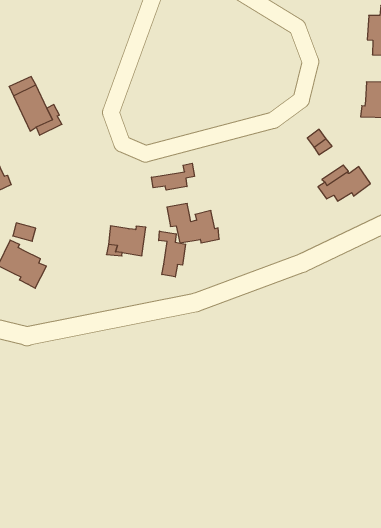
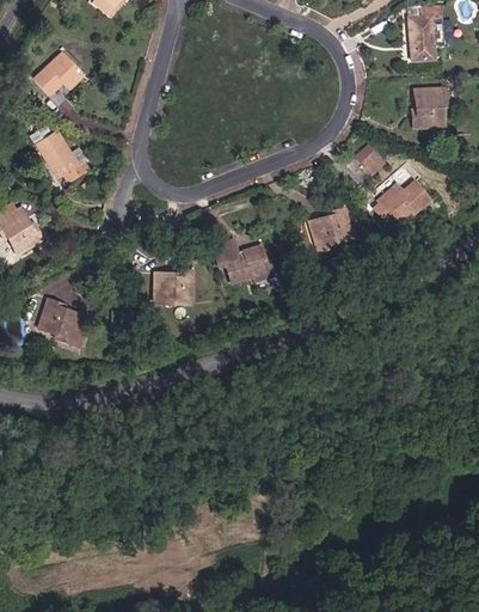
building: none -> [35,53,84,94]
building: [152,163,194,190] -> none
building: none -> [308,208,352,251]
building: [159,231,186,277] -> none

